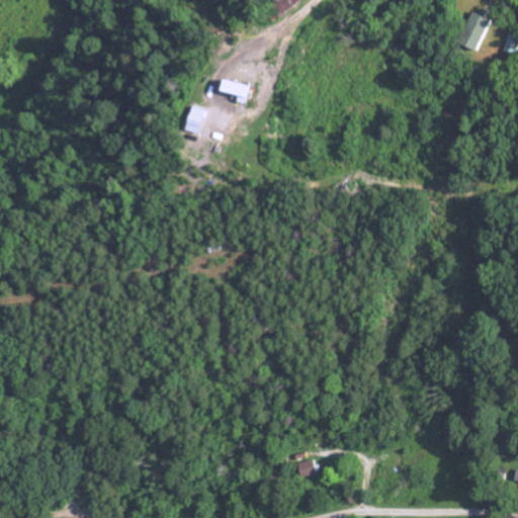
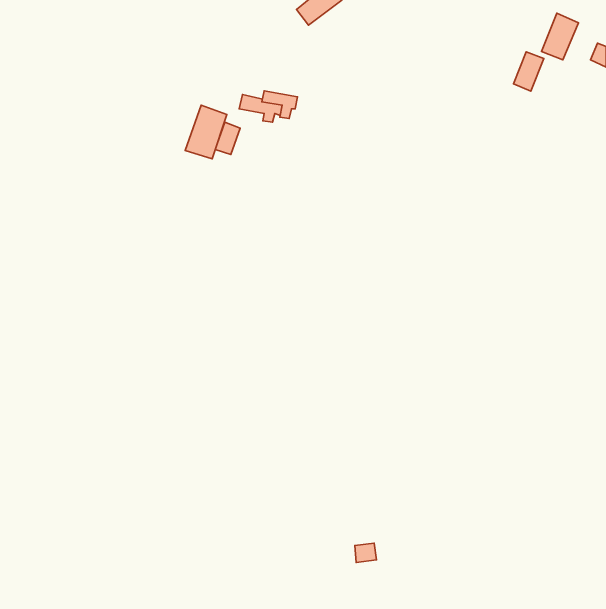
building: none -> [513,52,544,91]
building: none -> [185,105,227,159]

